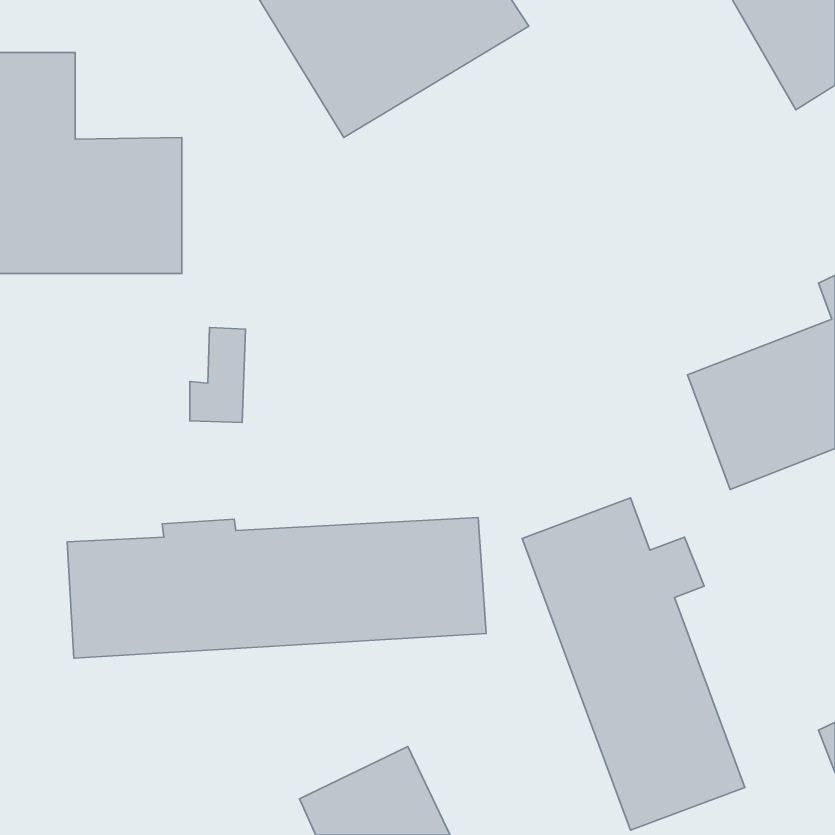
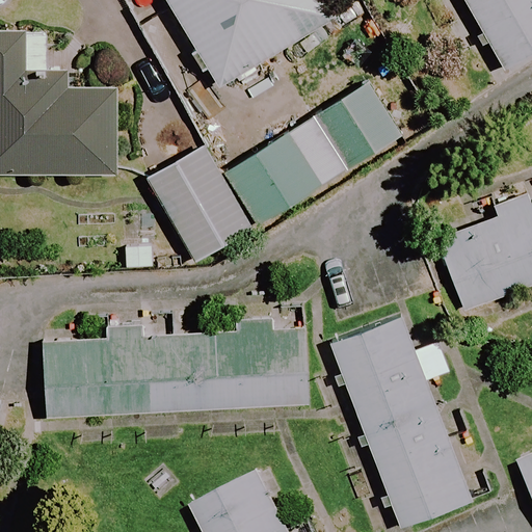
building: none -> [148,83,400,262]

